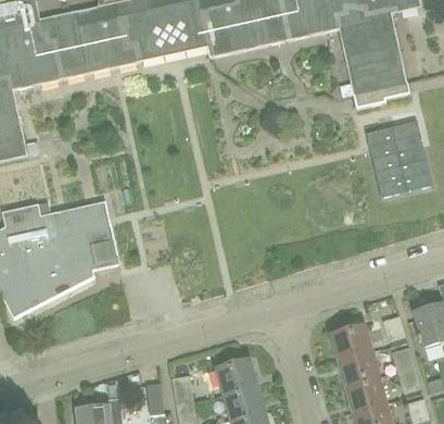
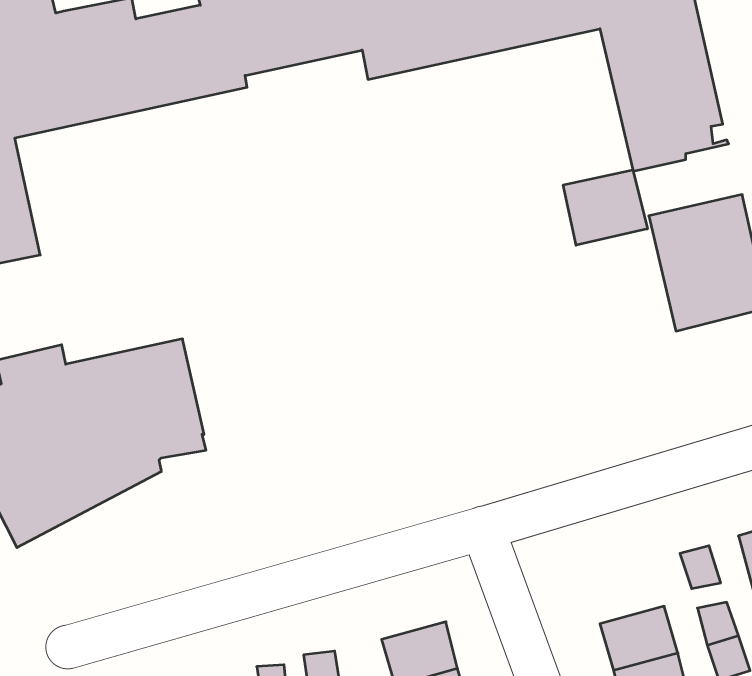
building: none -> [563,170,647,245]
building: [331,324,373,360] -> none

